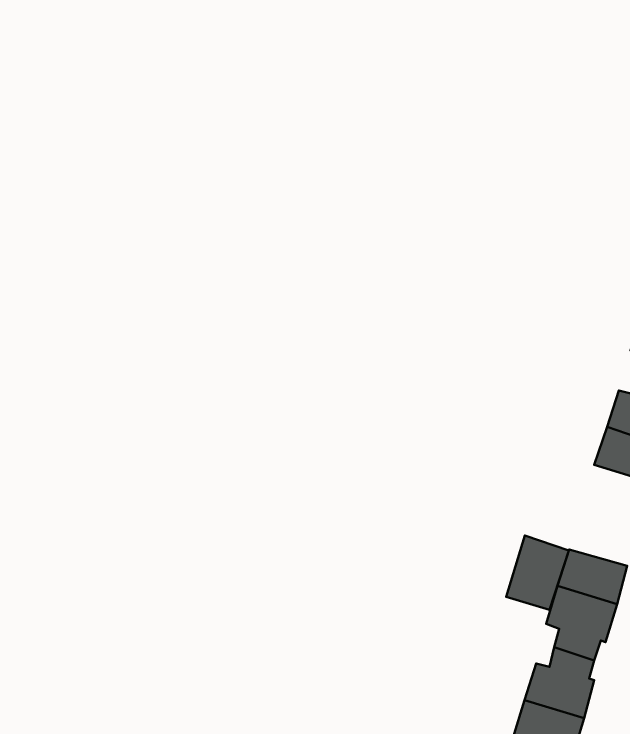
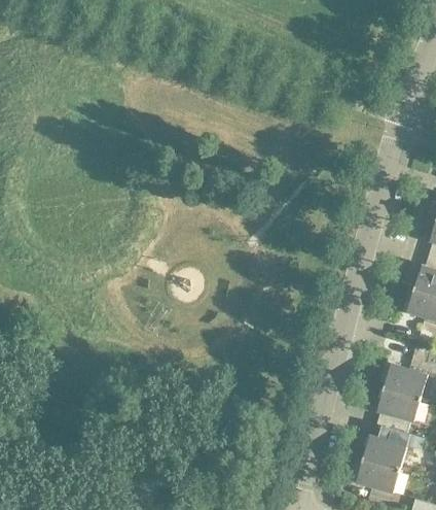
building: [506,535,569,610] -> none

